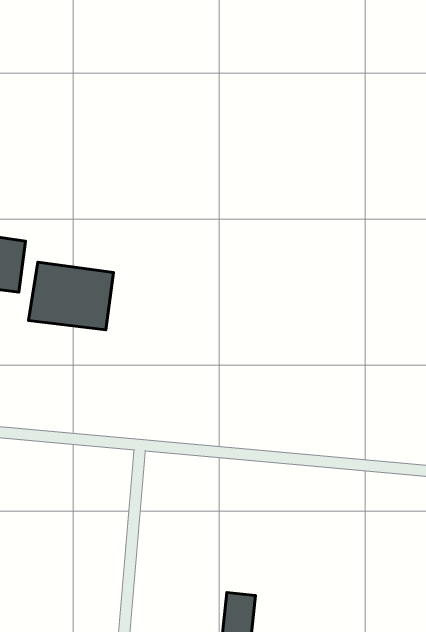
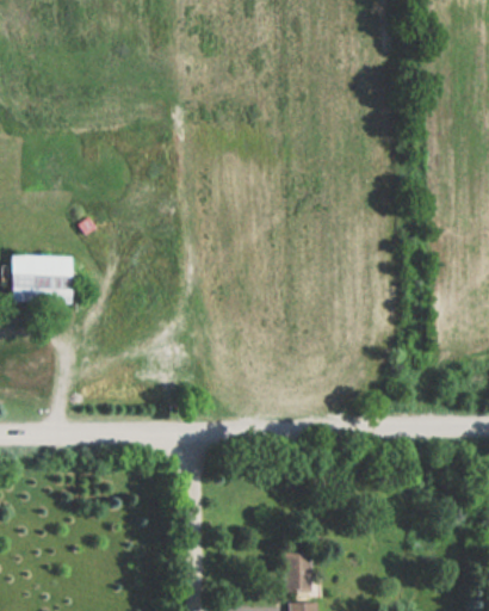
building: [28,262,113,330] -> none

